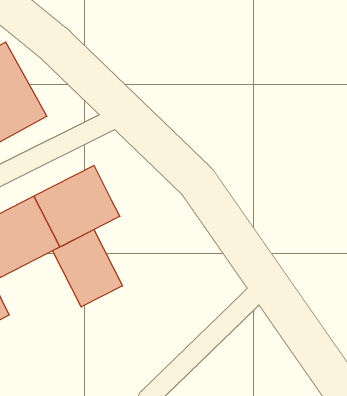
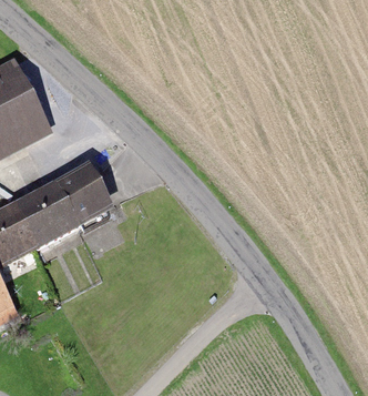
building: [53,230,123,307] -> none

